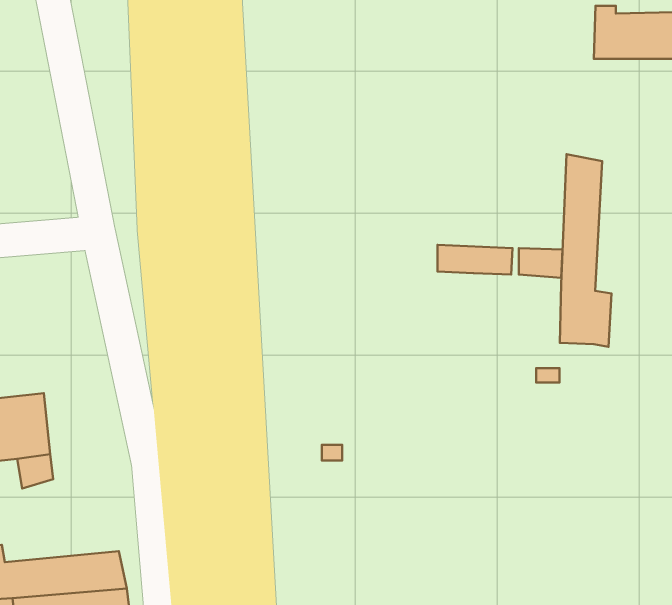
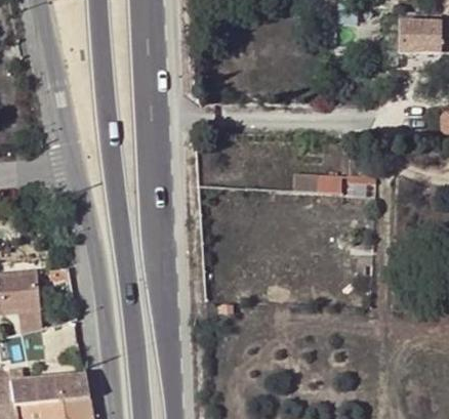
building: [560,154,612,347] -> none

